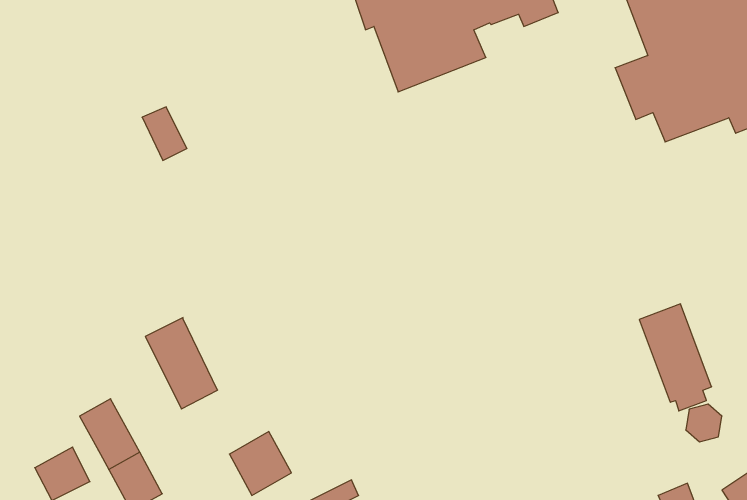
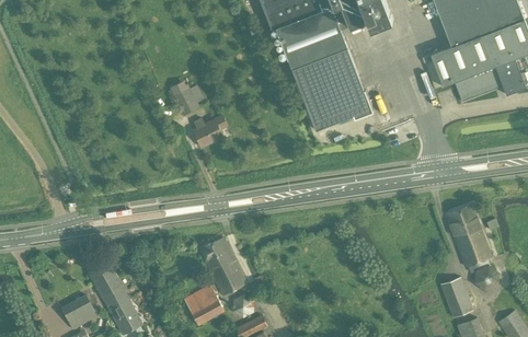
building: none -> [292,47,374,130]
building: [142,107,187,160] -> [171,81,199,115]
building: none -> [194,115,228,147]
building: [145,318,218,409] -> [200,236,246,294]
building: none -> [441,277,473,317]

